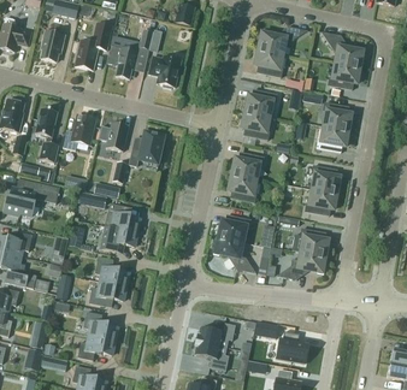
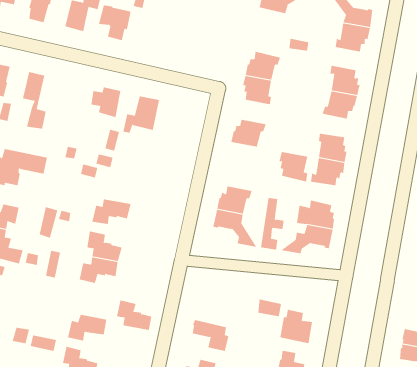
building: [254,47,282,76] -> none
building: [148,55,181,88] -> none
building: [63,116,94,149] -> none
building: [228,173,255,202] -> [279,152,308,182]
building: [106,202,140,231] -> none
building: [83,311,117,339] -> [116,300,152,331]
building: [196,321,235,347] -> none

